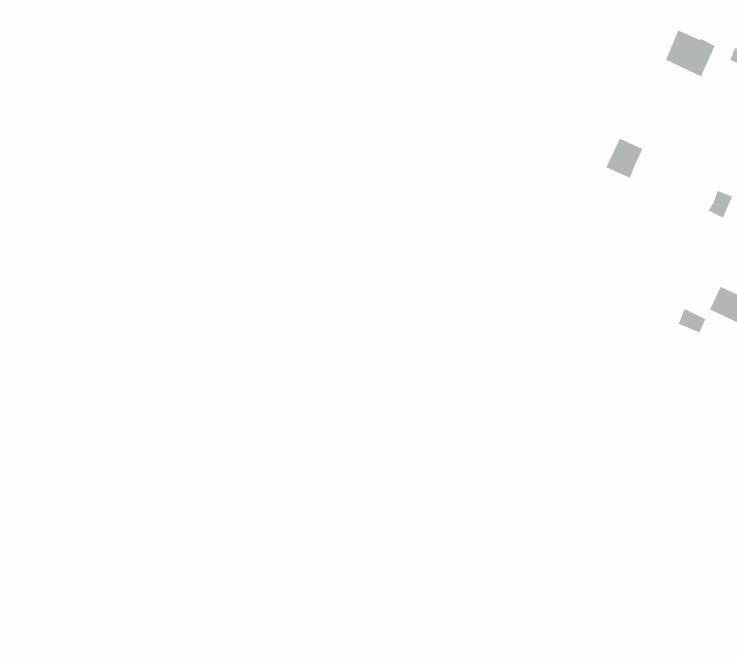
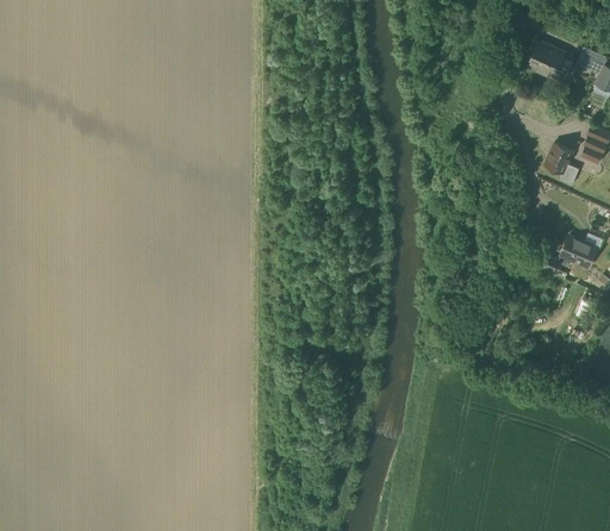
building: [605,138,643,179] -> [544,143,573,174]

